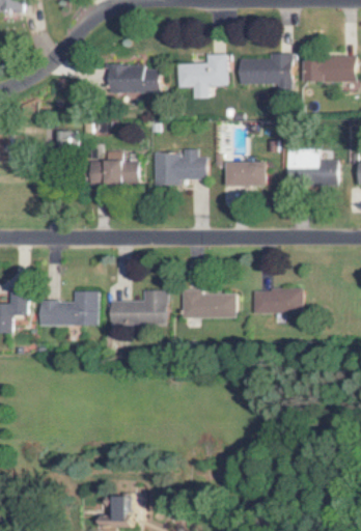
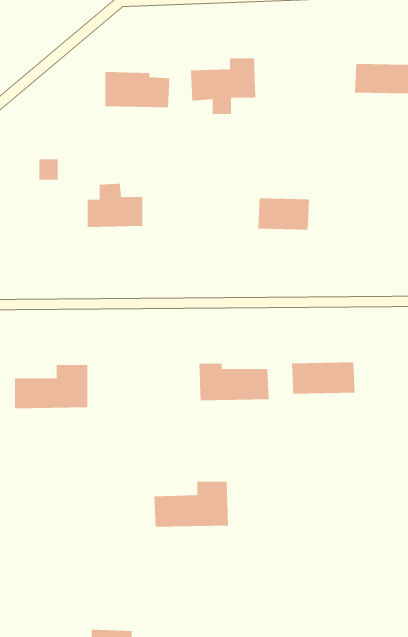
building: [239,54,291,91] -> none
building: [152,148,206,185] -> none
building: [286,148,338,185] -> none
building: [109,289,167,325] -> [154,481,229,527]

